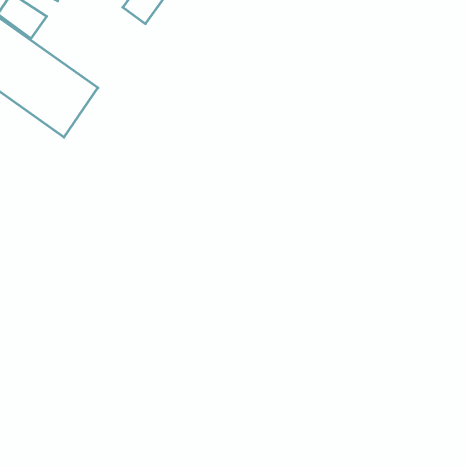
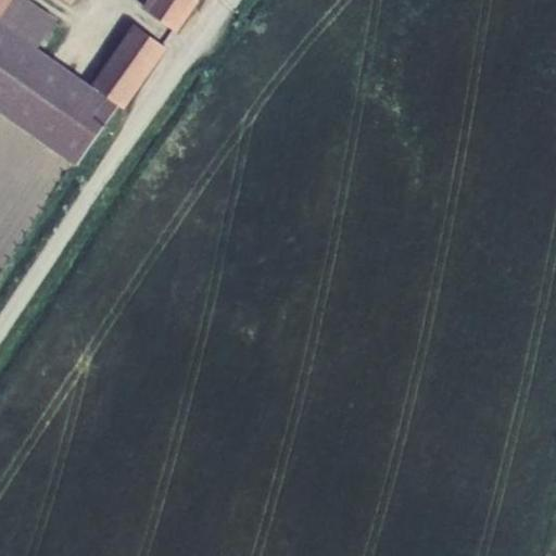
building: none -> [92,25,162,105]

